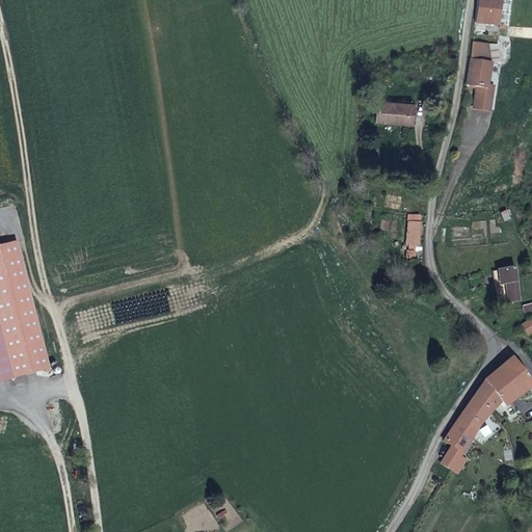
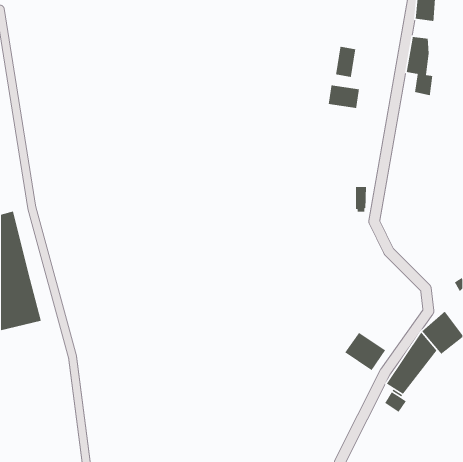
building: none -> [335,46,356,78]
building: [497,267,520,301] -> none
building: none -> [344,332,386,371]

